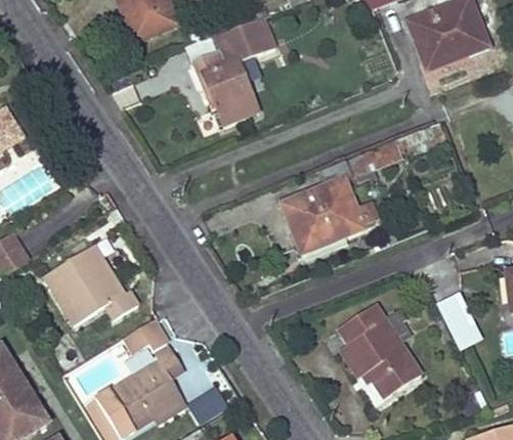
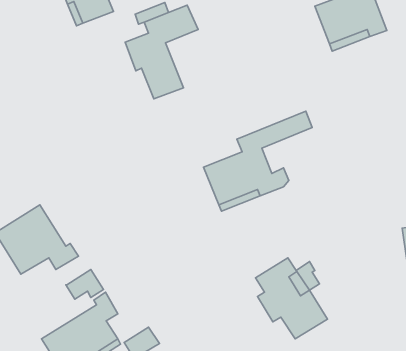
building: [439,290,487,354] -> none

